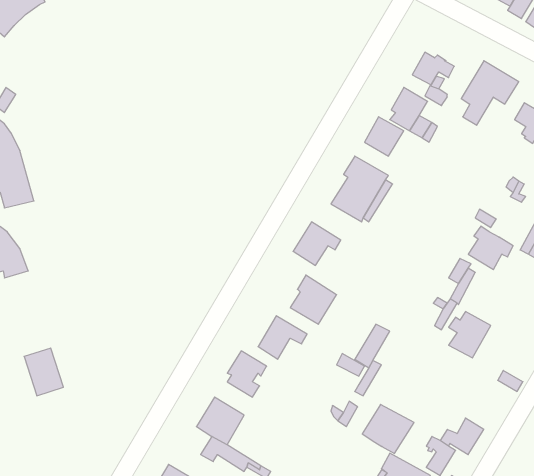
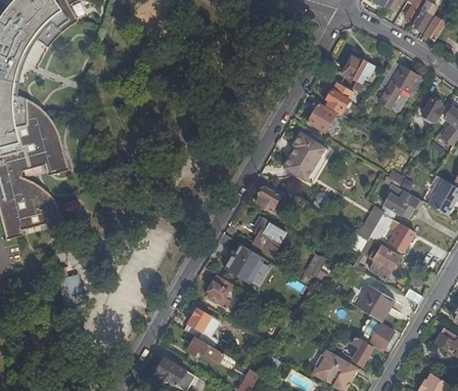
building: none -> [387,220,413,252]
building: [362,404,414,453] -> [356,286,394,321]

